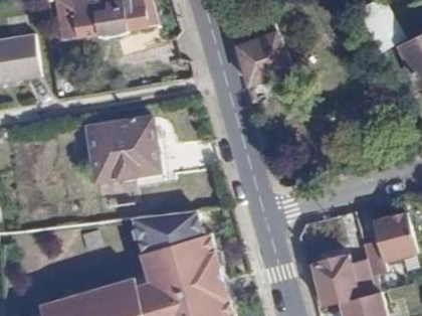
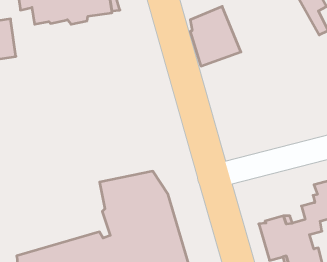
building: [85,117,161,183] -> none

